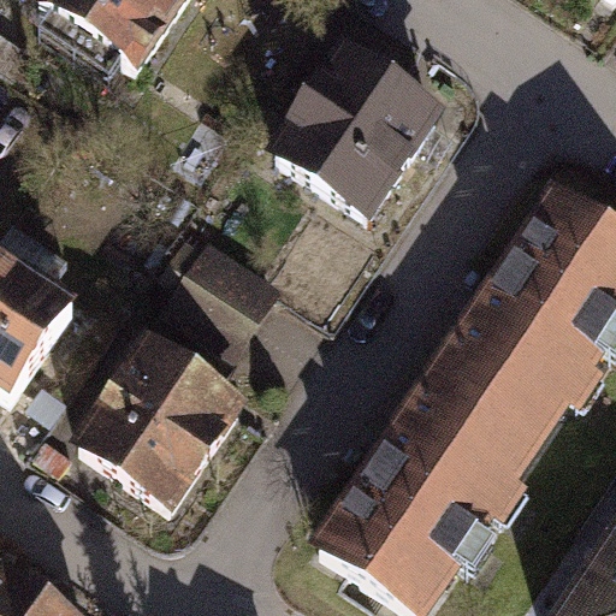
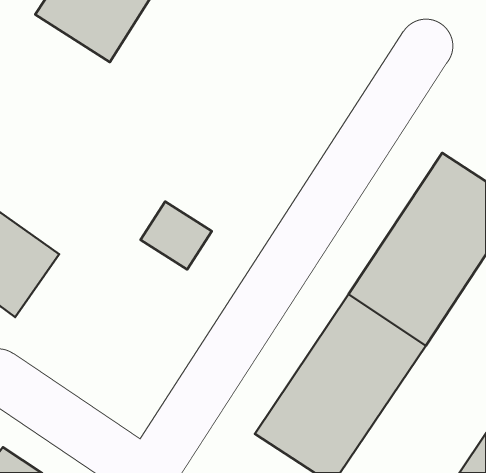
building: [272,51,439,225] -> none
building: [77,337,242,505] -> none

